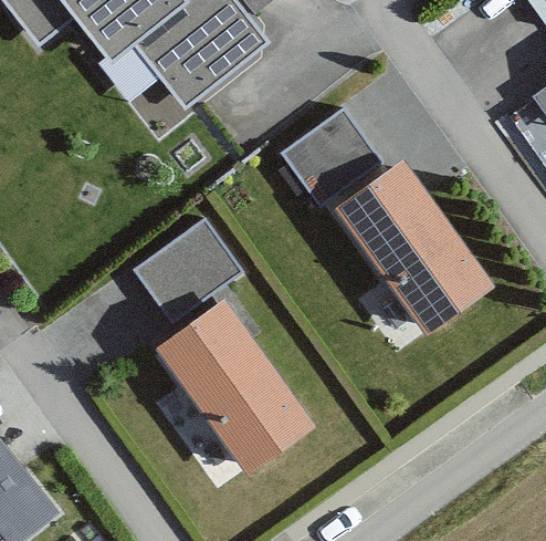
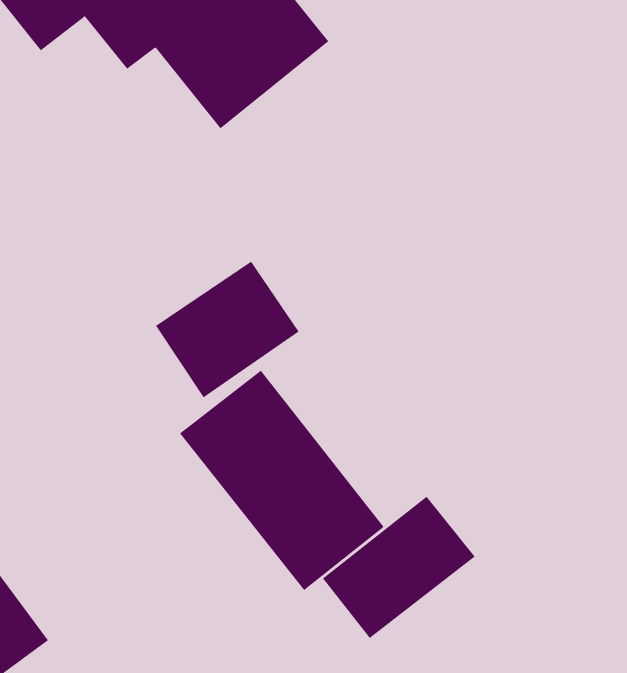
building: [279,106,489,331] -> none
building: none -> [322,496,476,639]

